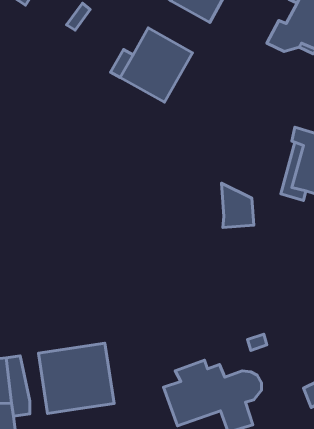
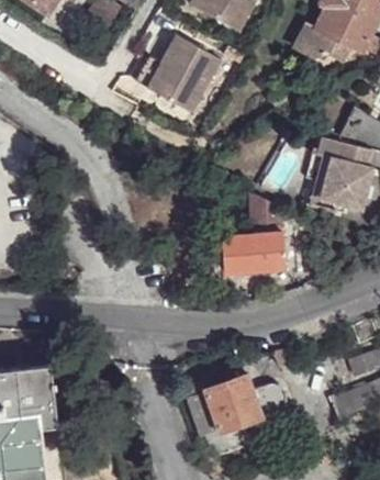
building: none -> [224,235,283,275]
building: [38,343,114,414] -> none

